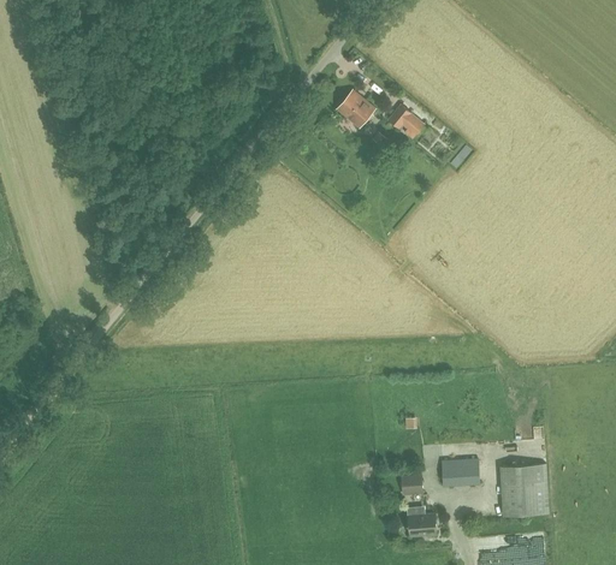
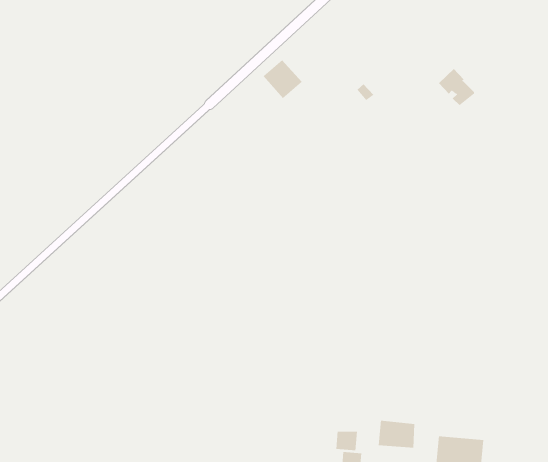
building: [334,89,374,127] -> [263,60,302,99]
building: [386,102,424,138] -> [438,68,475,106]

